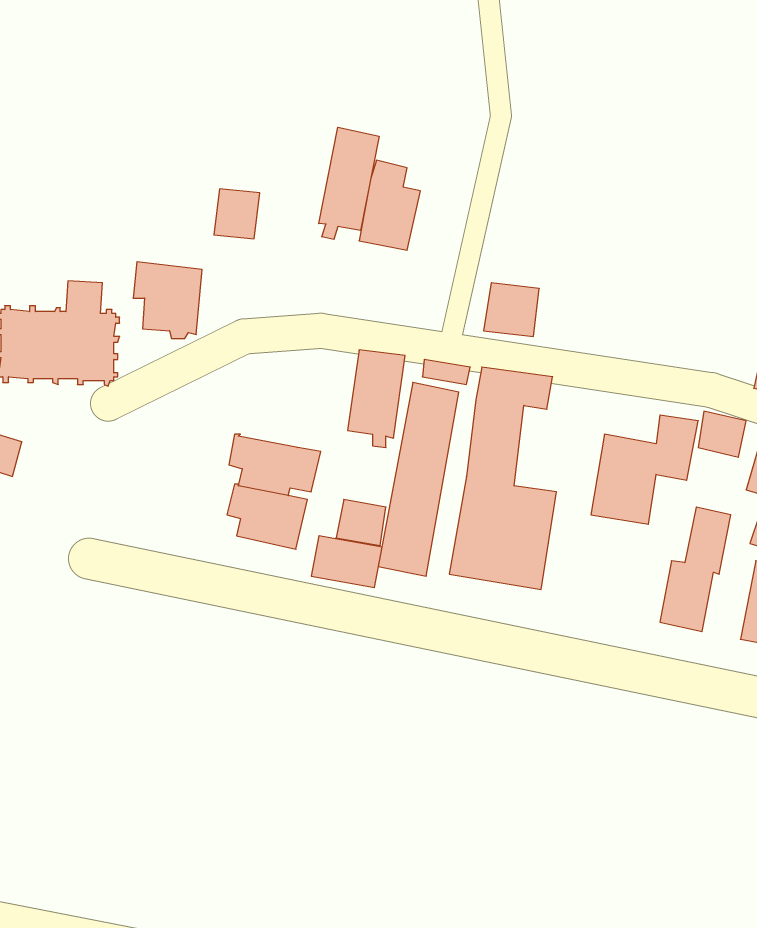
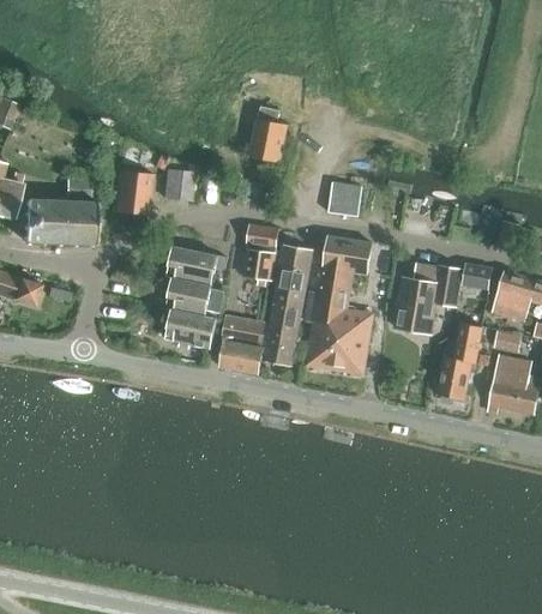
building: [319,127,379,239] -> none
building: [214,189,260,239] -> [164,169,193,200]
building: none -> [168,246,217,285]

